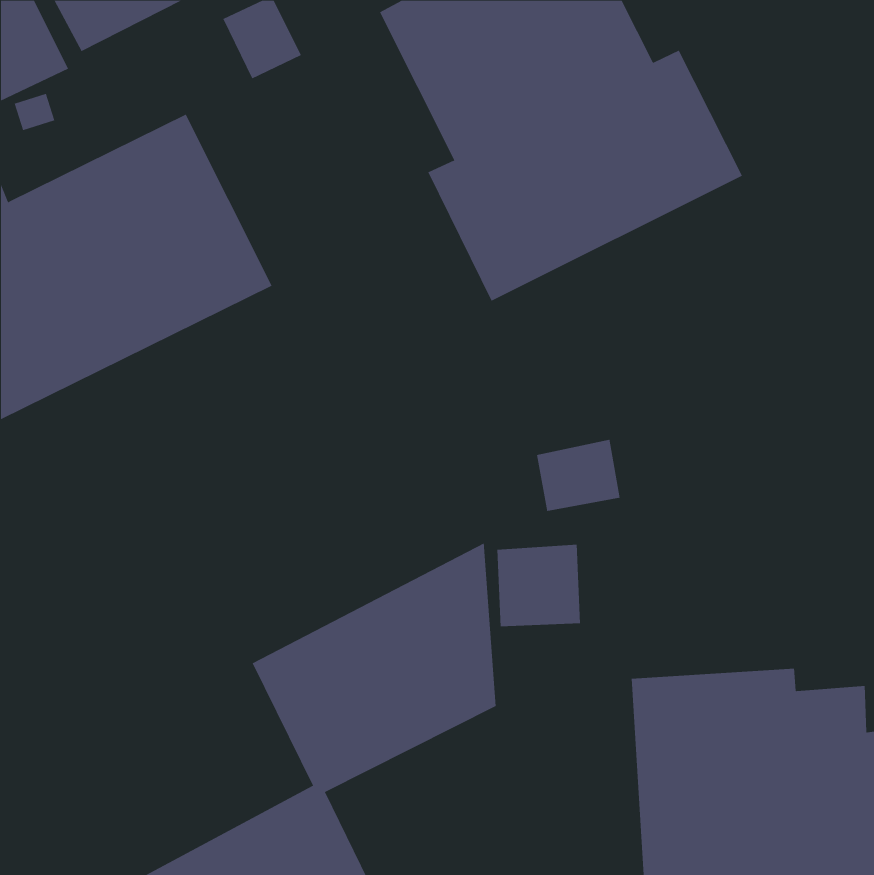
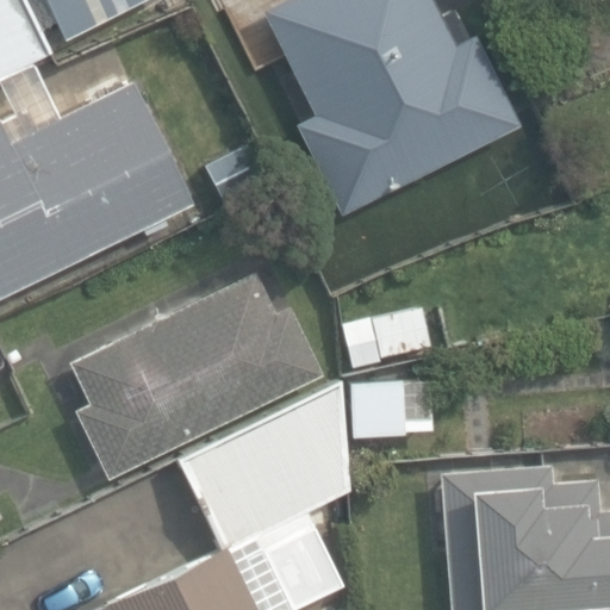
building: none -> [75,274,322,475]

